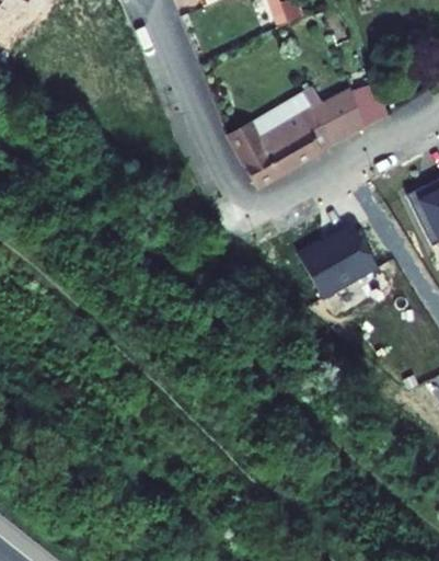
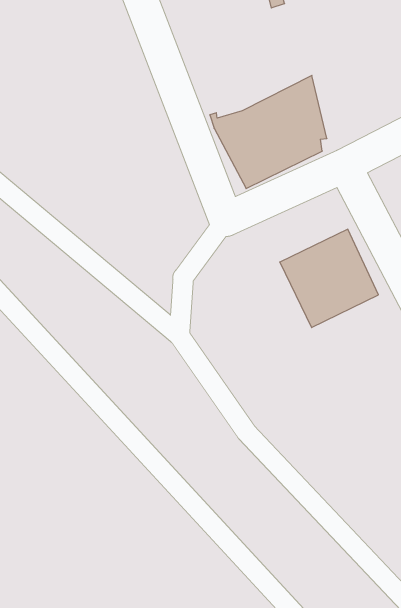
building: [313,77,382,139] -> none

